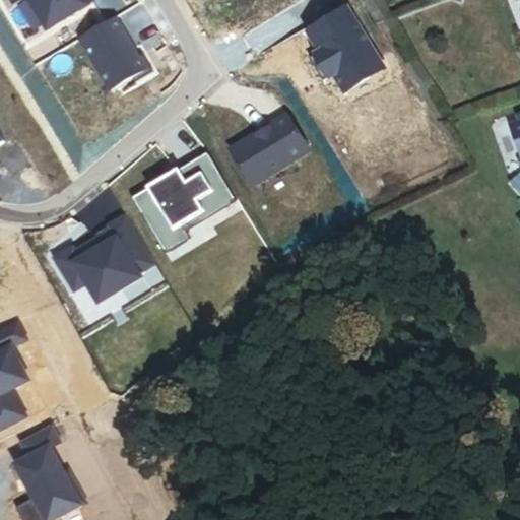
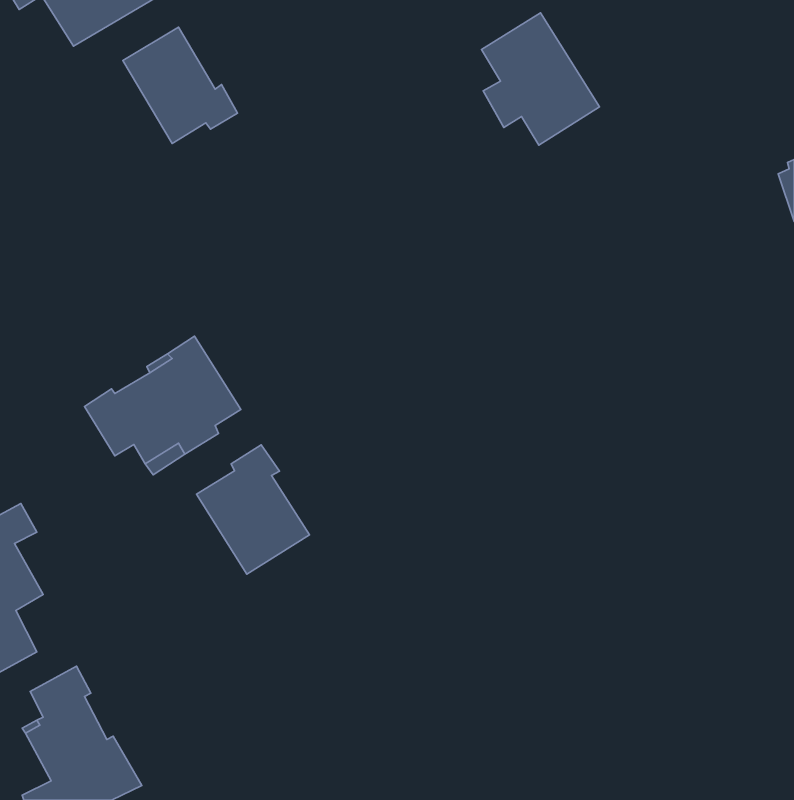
building: [229,114,308,185] -> none
building: [130,153,233,258] -> none
building: none -> [196,445,309,574]

